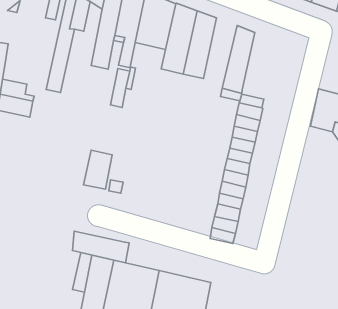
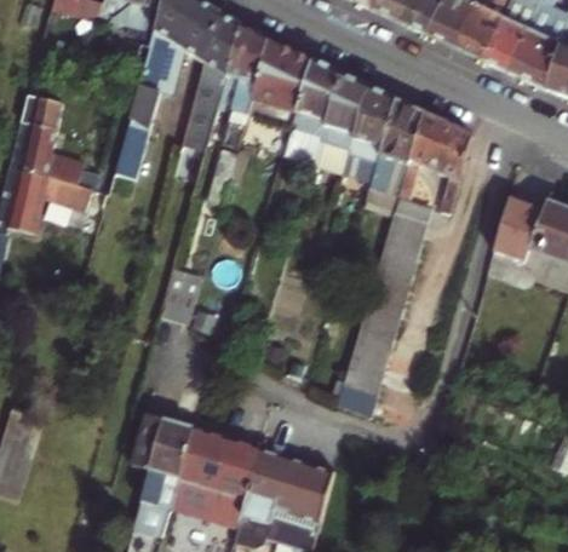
building: none -> [344,84,398,179]
building: none -> [400,109,475,214]
building: [72,231,129,263] -> none

